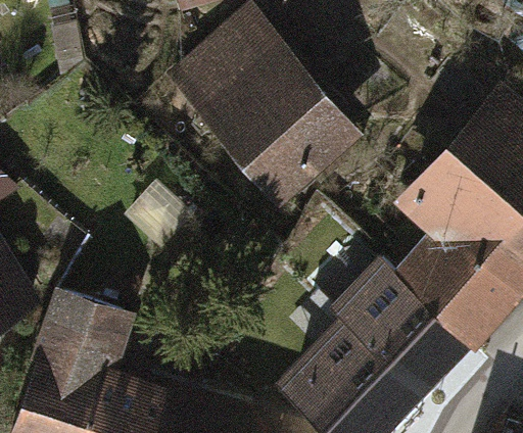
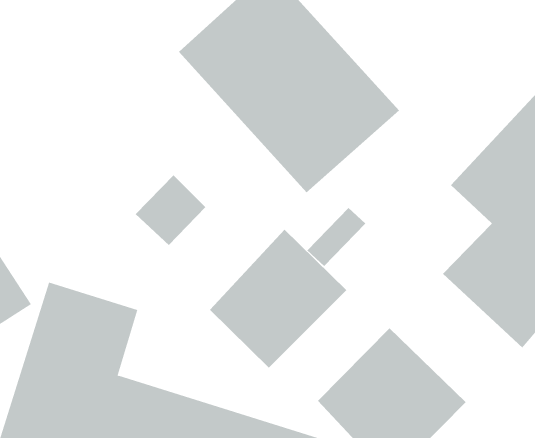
building: none -> [209,229,347,368]
building: [336,260,471,390] -> none

